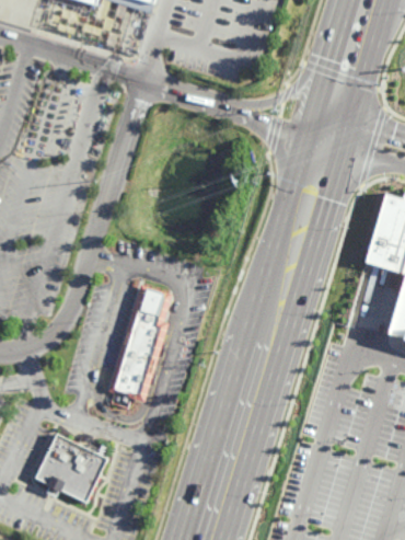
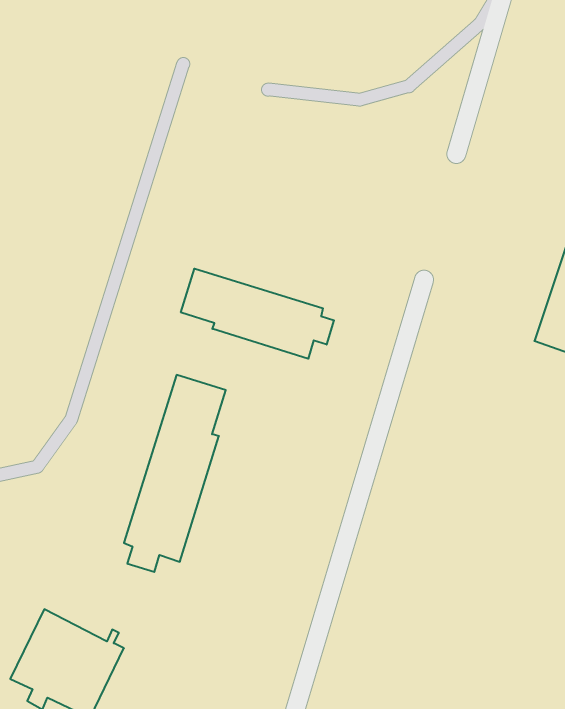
building: none -> [181,269,334,359]

